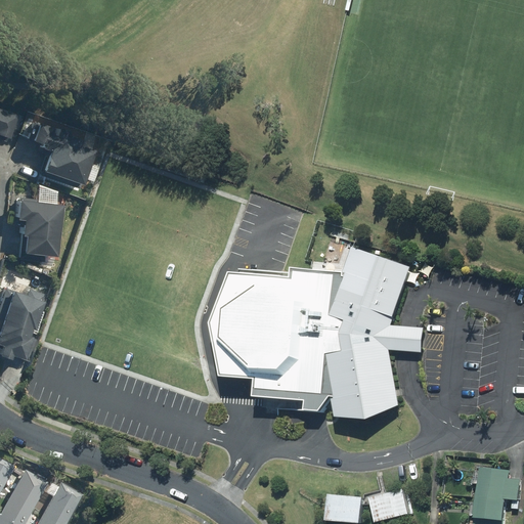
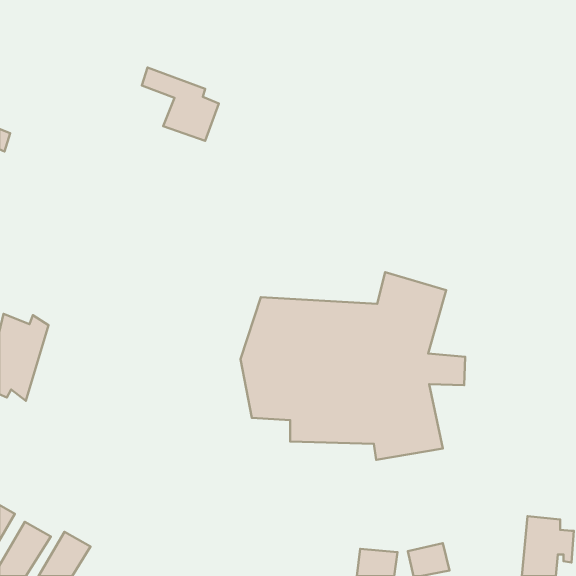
building: [21,119,91,185] -> [142,67,219,141]
building: [20,196,59,254] -> none

